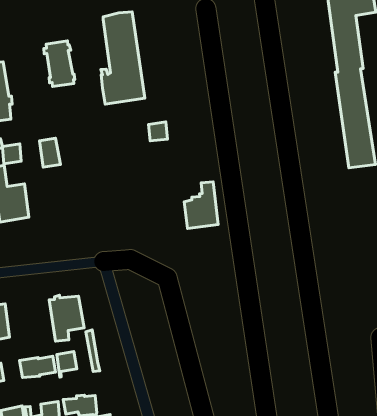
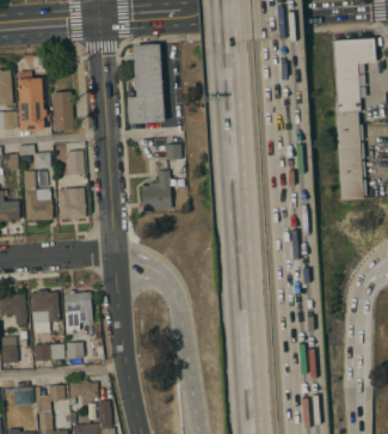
building: [44,41,75,87] -> [50,92,75,132]
building: none -> [57,188,86,221]
building: [184,182,218,228] -> [142,171,171,210]
building: none -> [31,292,60,334]

